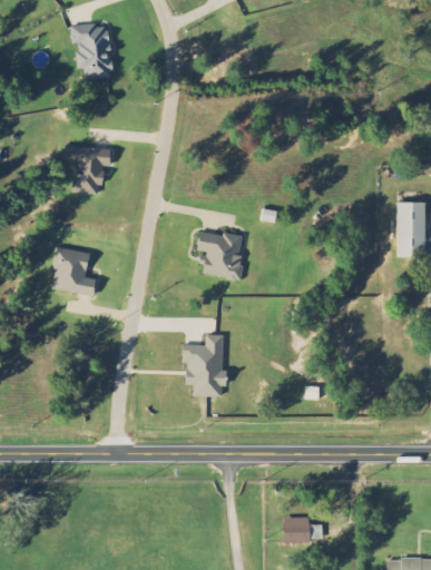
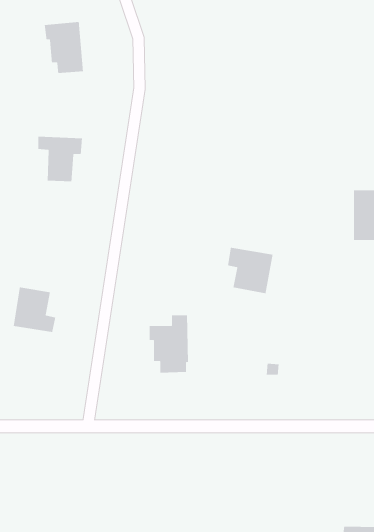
building: [196,229,245,279] -> [227,247,273,294]
building: [50,246,96,295] -> [13,287,56,333]
building: [283,517,322,541] -> none

